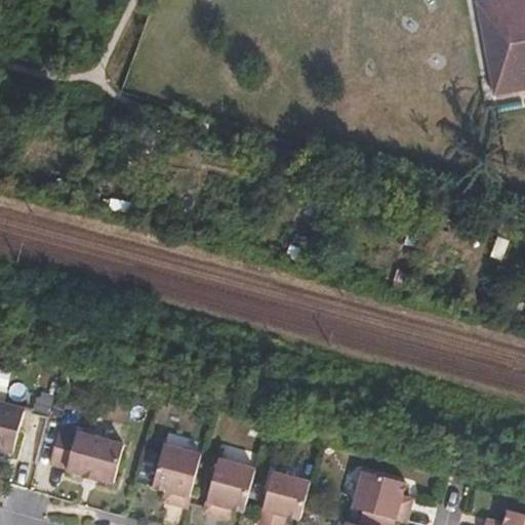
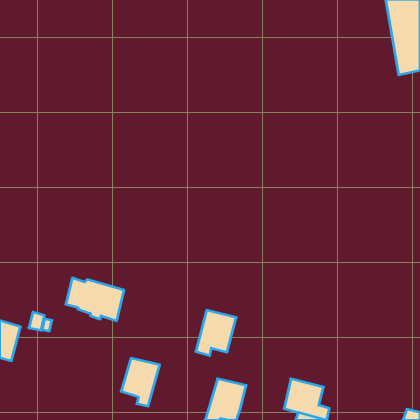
building: [51,429,124,482] -> [66,278,124,321]
building: [201,459,251,516] -> [196,310,236,356]

